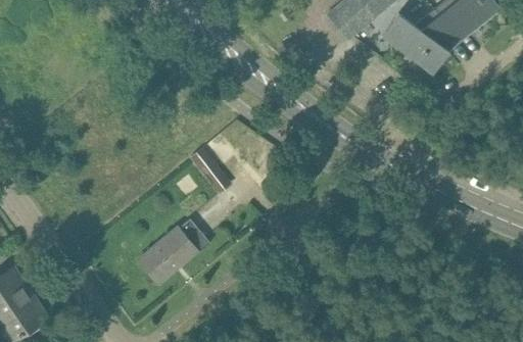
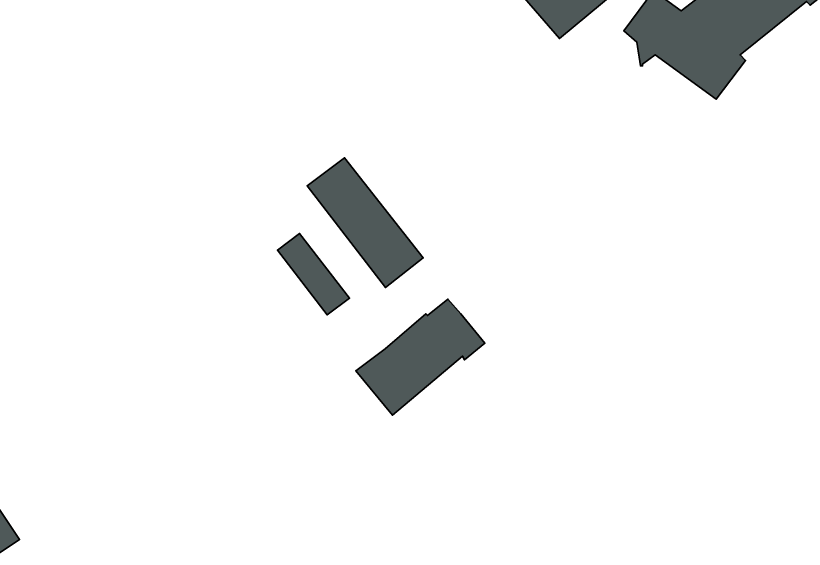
building: none -> [307,158,423,288]
building: [138,218,209,283] -> [356,299,485,415]

